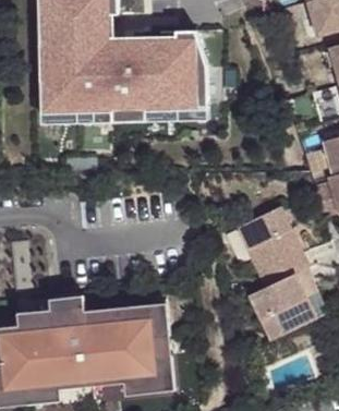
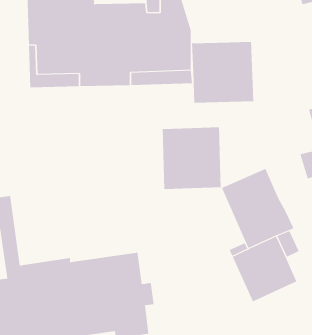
building: none -> [192,41,254,104]
building: none -> [162,127,221,190]

